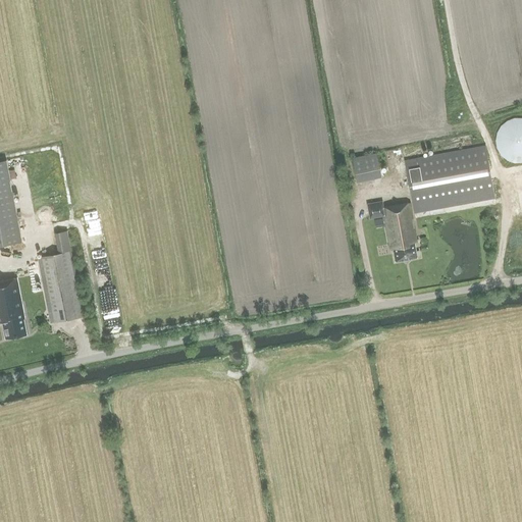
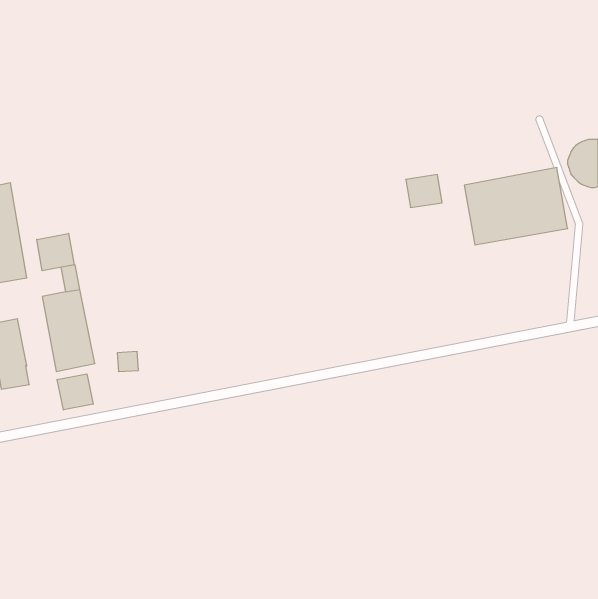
building: [366,202,416,262] -> none
building: none -> [37,233,74,271]
building: none -> [57,374,93,410]

